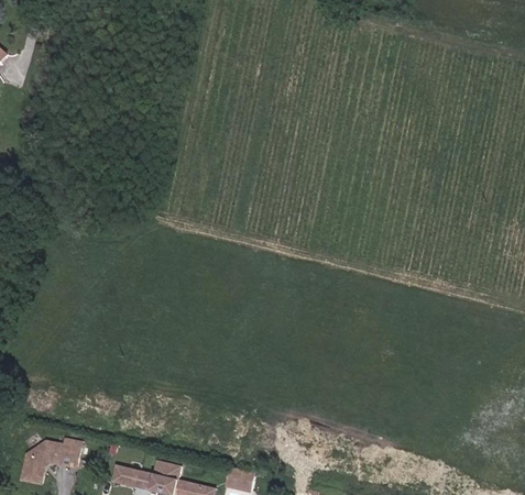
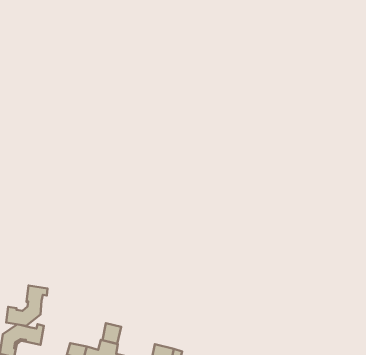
building: none -> [6,285,47,326]
building: none -> [102,323,121,344]

